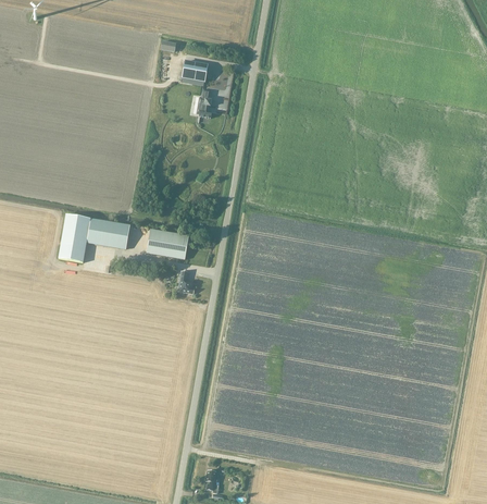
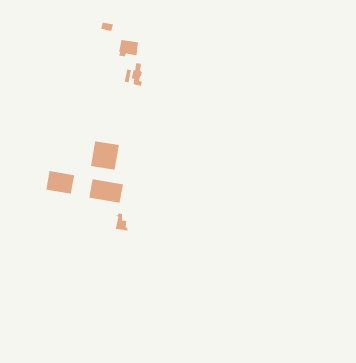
building: none -> [90,140,120,171]
building: [59,213,91,261] -> none

